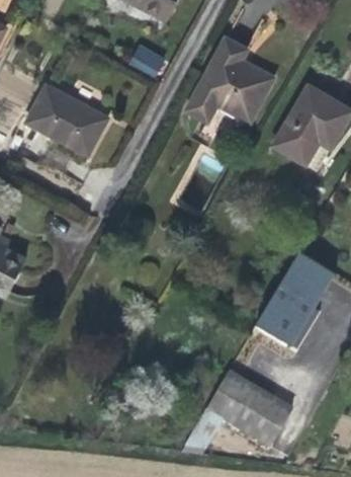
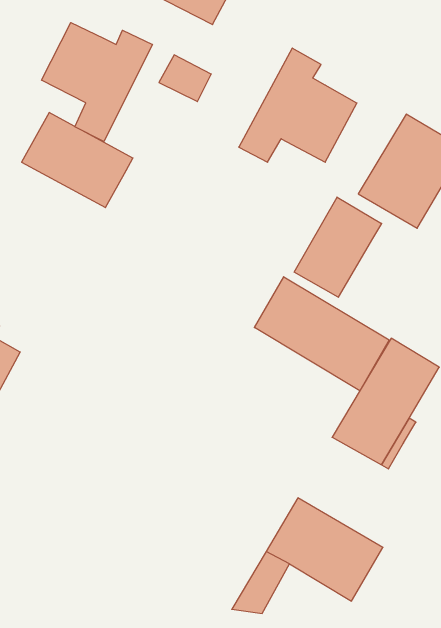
building: none -> [42,23,152,142]
building: none -> [294,197,382,297]
building: none -> [254,277,389,391]

